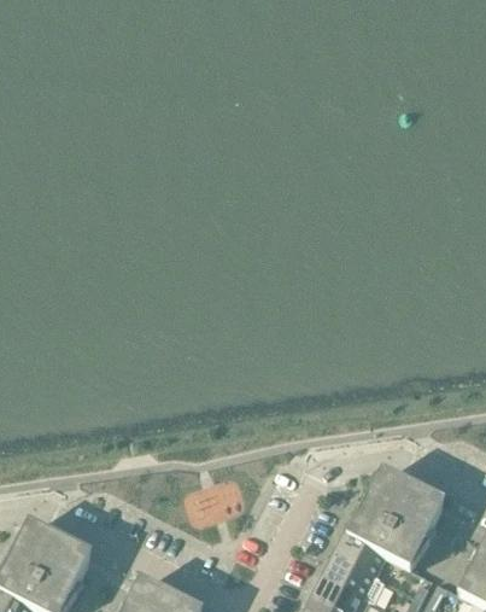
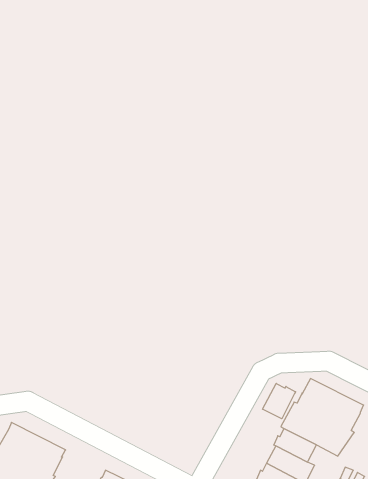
building: none -> [263,383,296,419]

